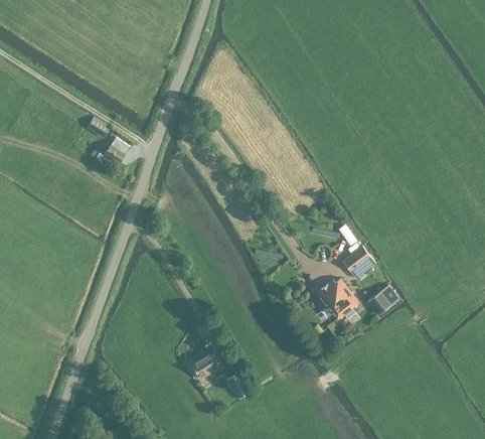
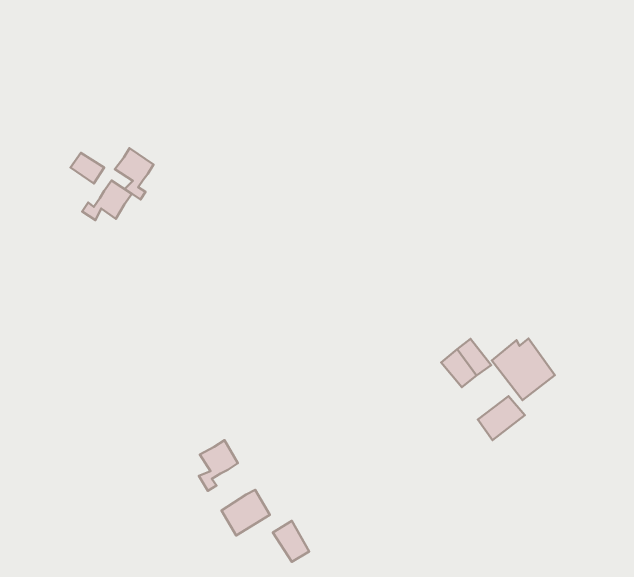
building: none -> [115,148,153,199]
building: [314,278,357,320] -> [492,339,555,400]
building: none -> [199,440,238,491]

